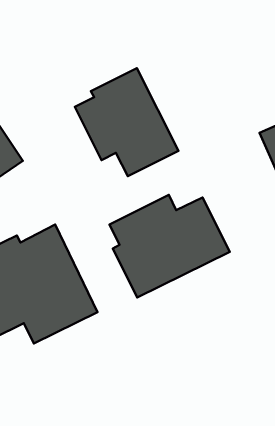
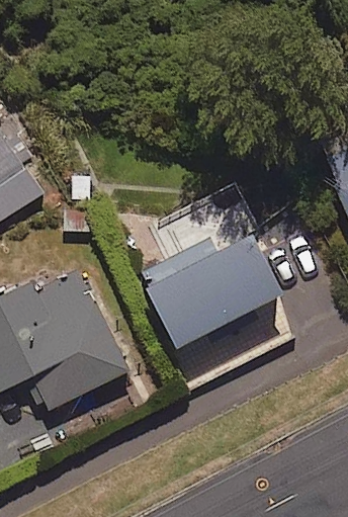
building: [75,68,179,176] -> none

